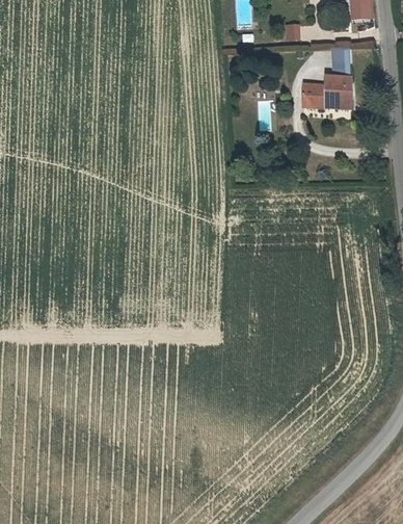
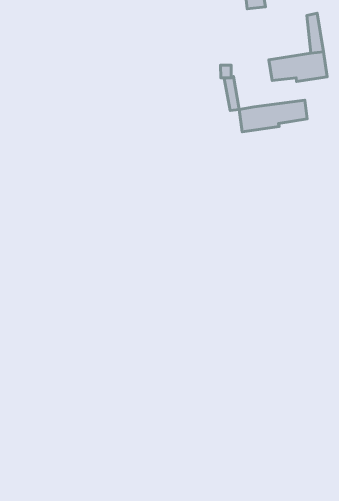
building: none -> [239,100,307,132]

